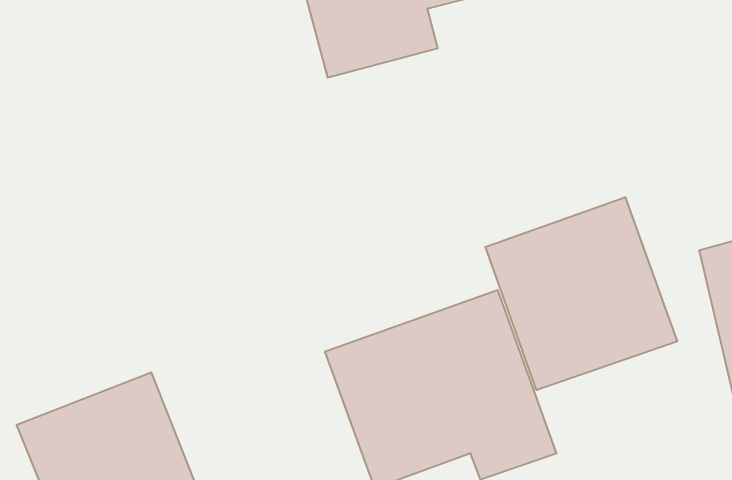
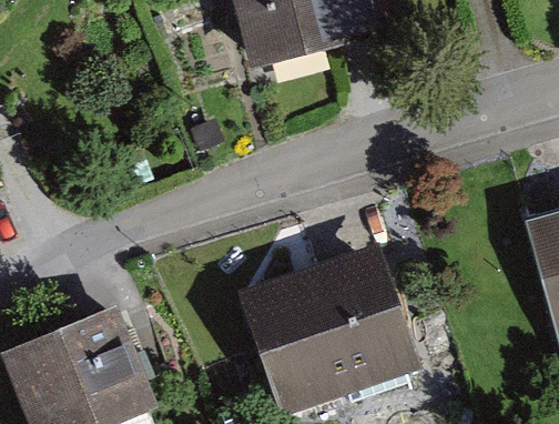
building: [485,197,677,390] -> none

